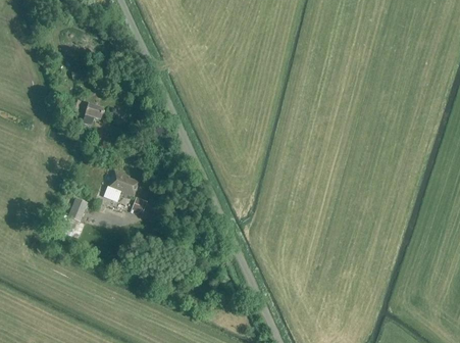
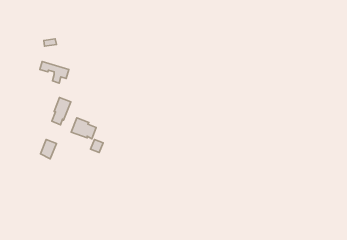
building: none -> [52,97,71,125]

